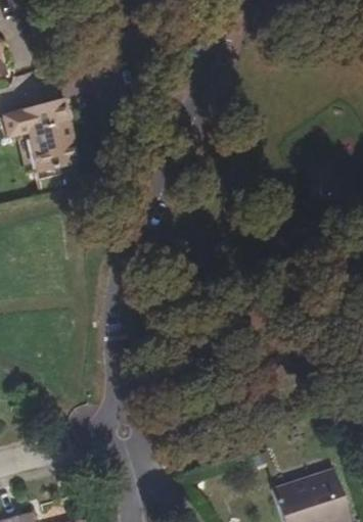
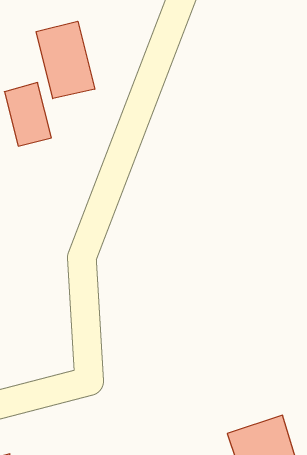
building: none -> [36,21,95,99]

